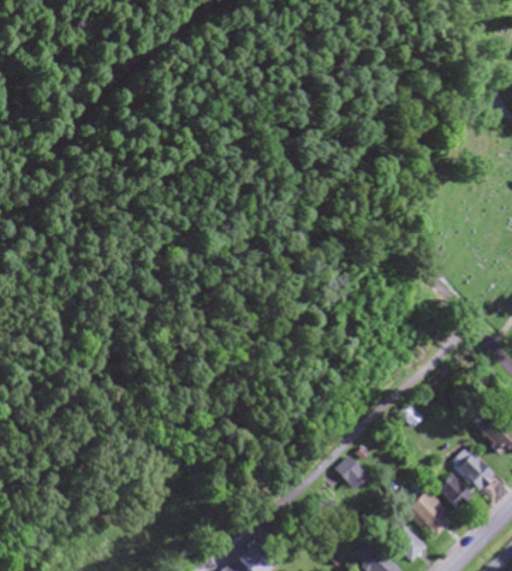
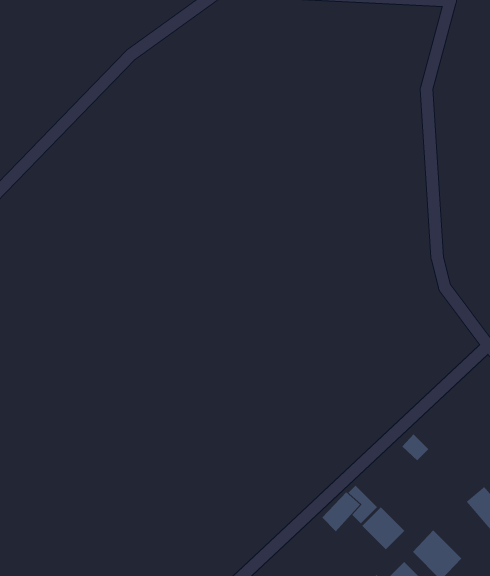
building: none -> [362,507,405,550]
building: [435,474,472,513] -> none

